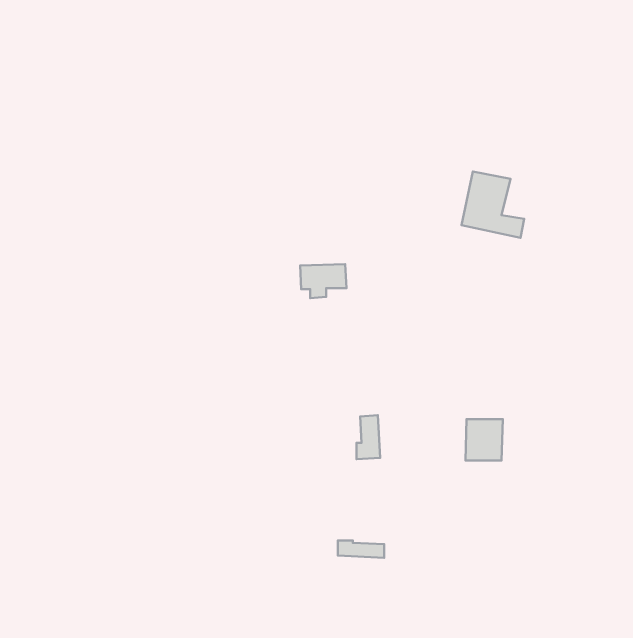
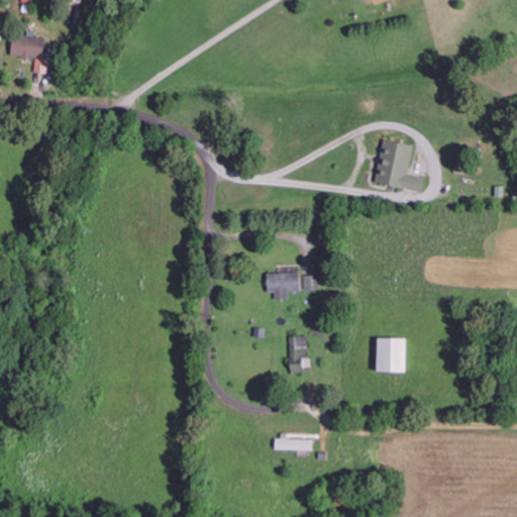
building: none -> [8,34,45,71]
building: [300,264,346,298] -> [265,272,302,299]

